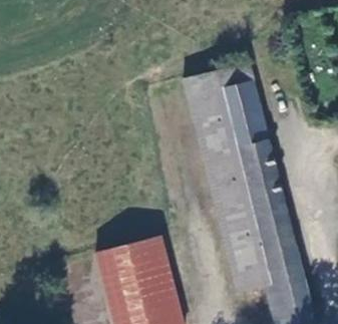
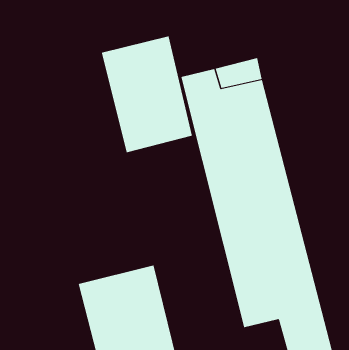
building: none -> [101,35,193,153]

